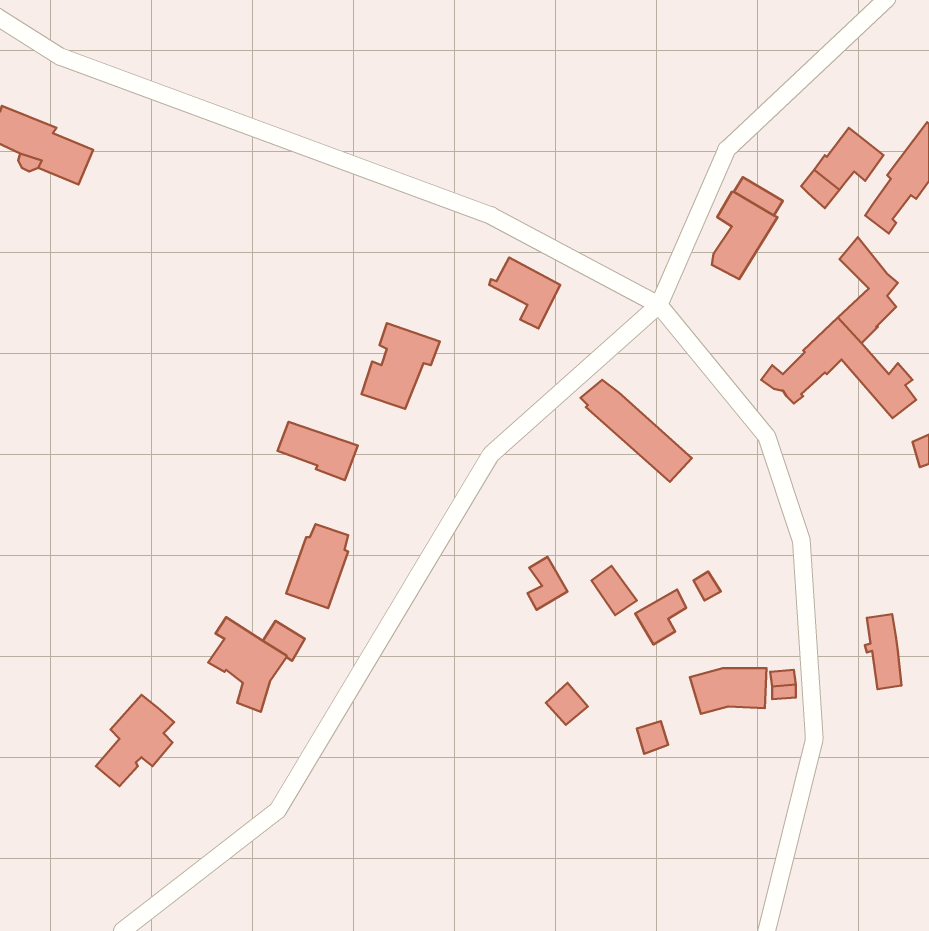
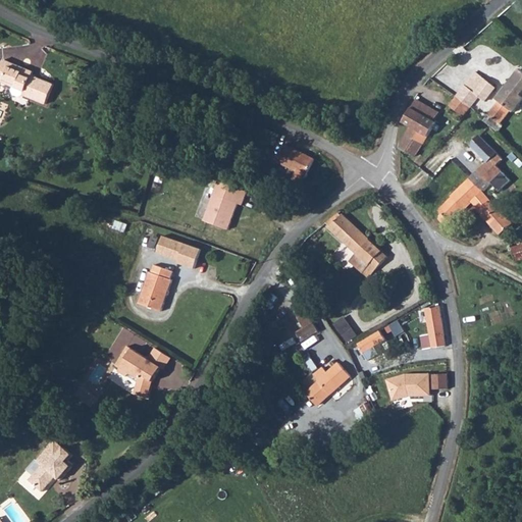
building: [286,524,348,608] -> [137,264,171,311]
building: [865,614,901,689] -> [423,305,443,347]
building: none -> [312,362,353,395]
building: [96,695,174,786] -> [28,439,71,490]

